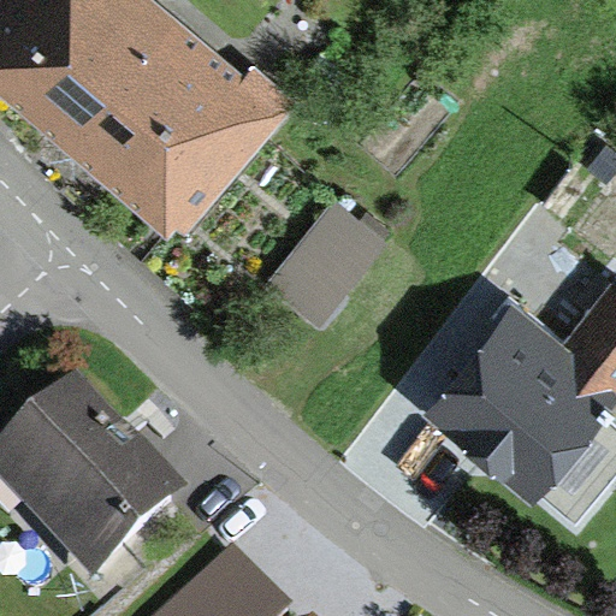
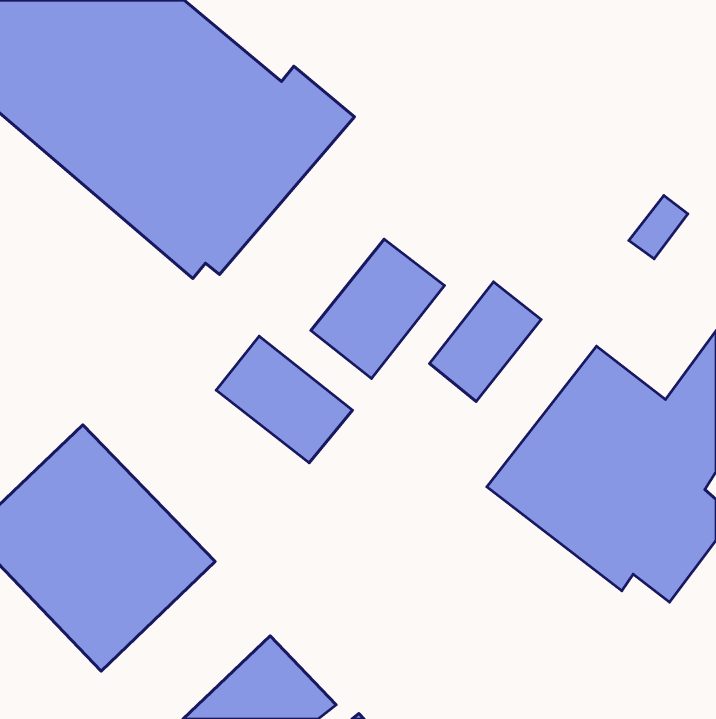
building: none -> [430,282,541,402]
building: none -> [216,336,352,463]

